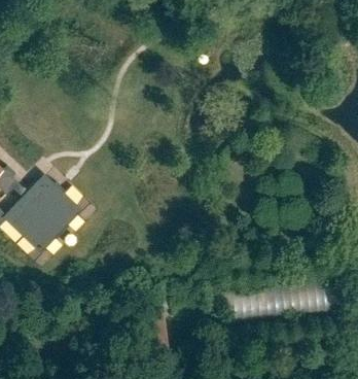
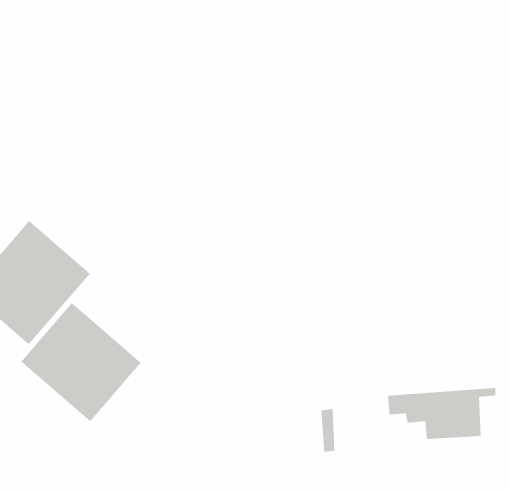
building: none -> [20,302,142,422]

